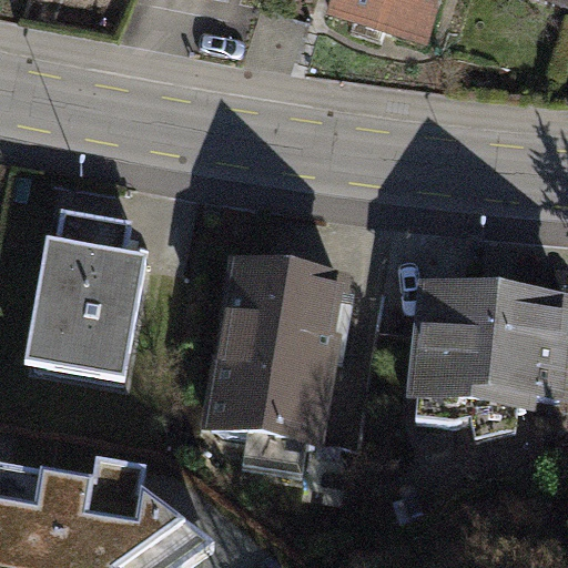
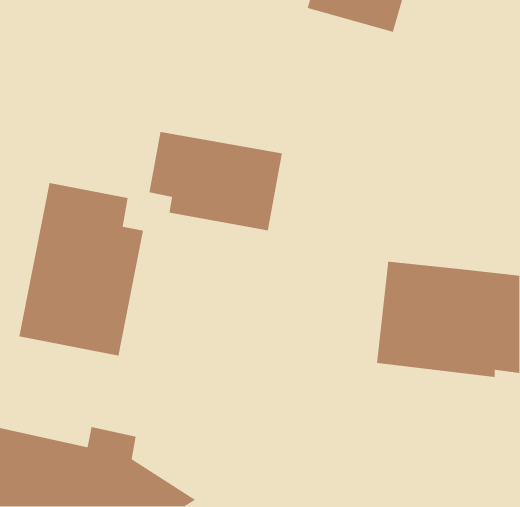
building: none -> [149,131,283,231]
building: [200,255,354,456] -> none

